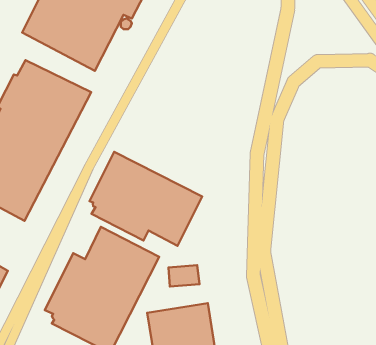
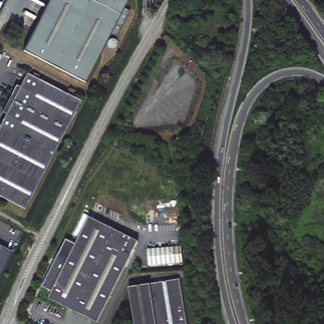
building: [89,152,202,246] -> none

